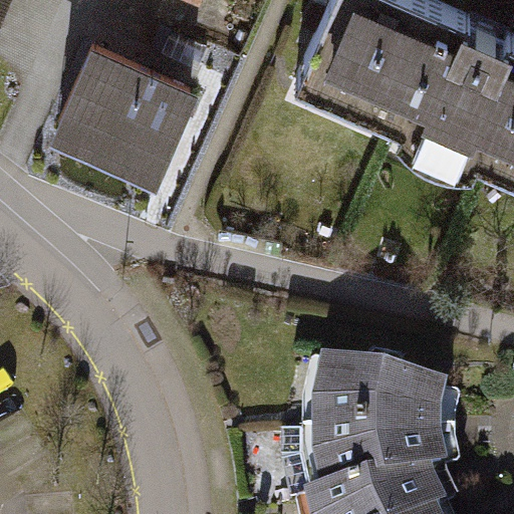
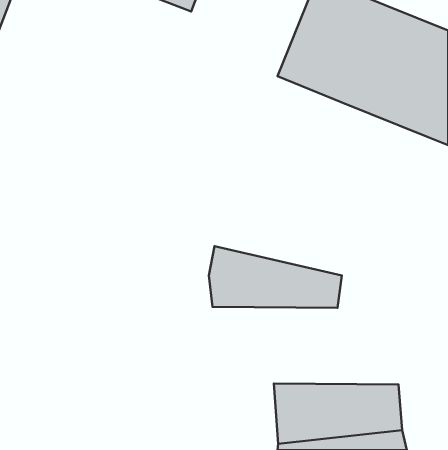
building: [54,43,209,187] -> none
building: [302,361,451,431] -> [209,246,342,308]

